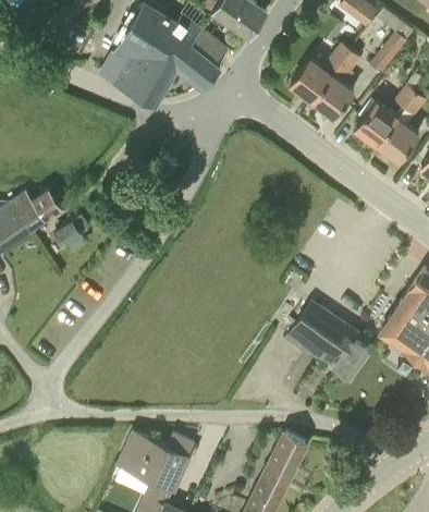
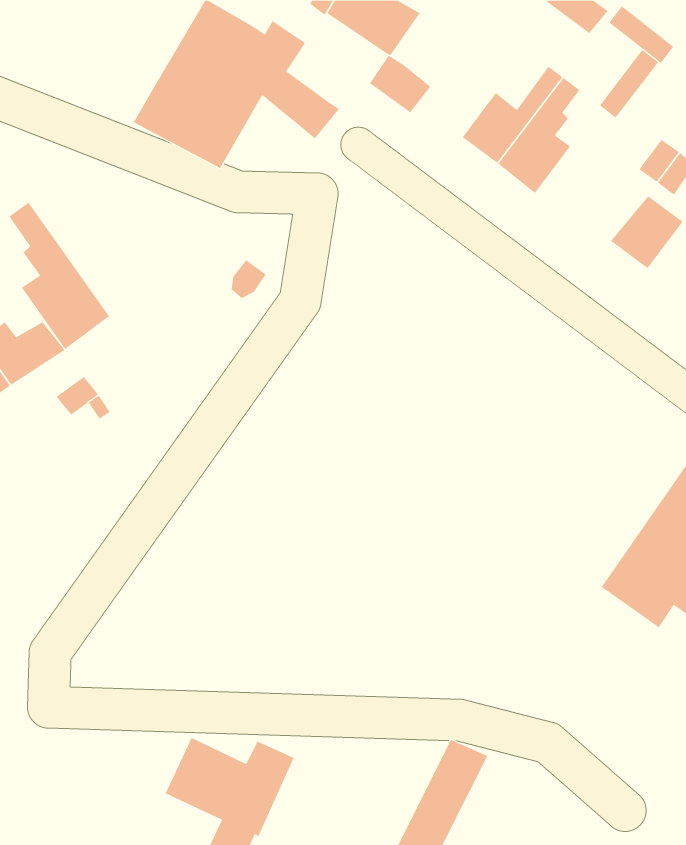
building: [189,31,225,64] -> [369,55,431,113]
building: [355,101,399,145] -> none
building: none -> [9,202,110,350]
building: [289,303,368,378] -> none

